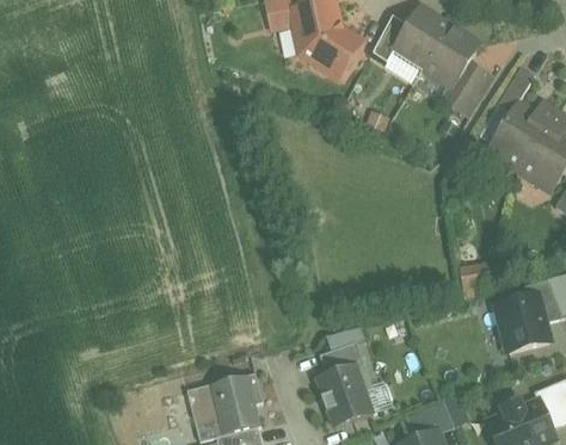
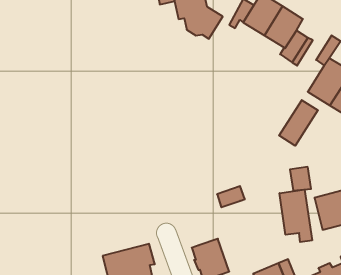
building: none -> [279,100,318,146]
building: none -> [280,190,312,242]
building: [321,344,362,375] -> [217,186,245,207]

